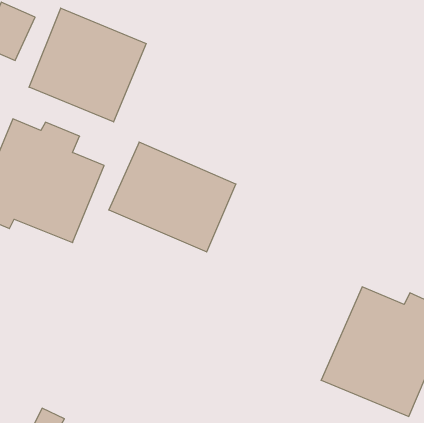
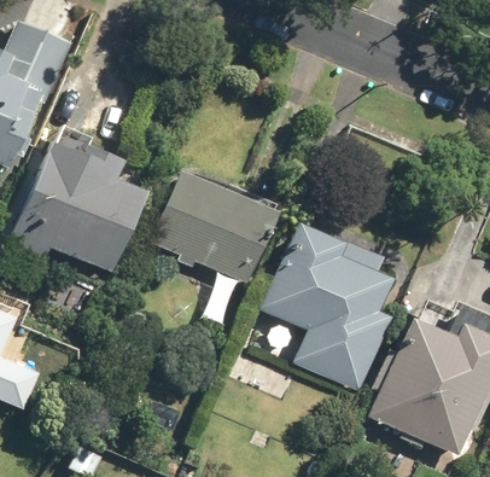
building: [29,8,146,122] -> none
building: none -> [261,222,393,390]

